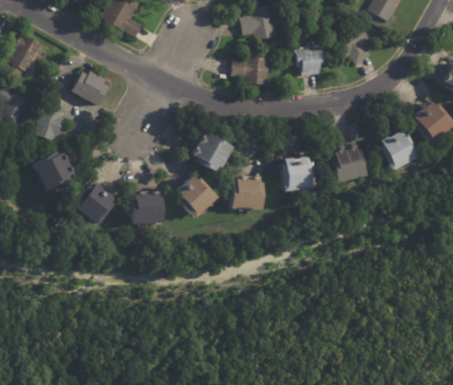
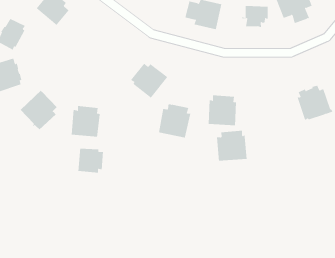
building: [326,145,364,183] -> [216,130,248,161]
building: [173,175,214,217] -> none
building: none -> [78,148,103,173]

